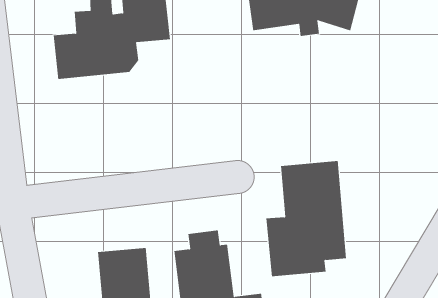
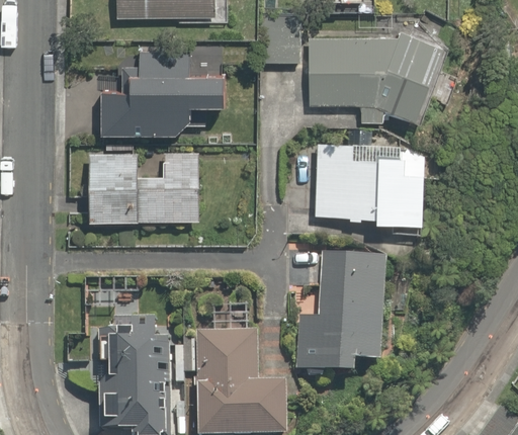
building: none -> [313,147,436,223]
building: none -> [88,147,201,224]

